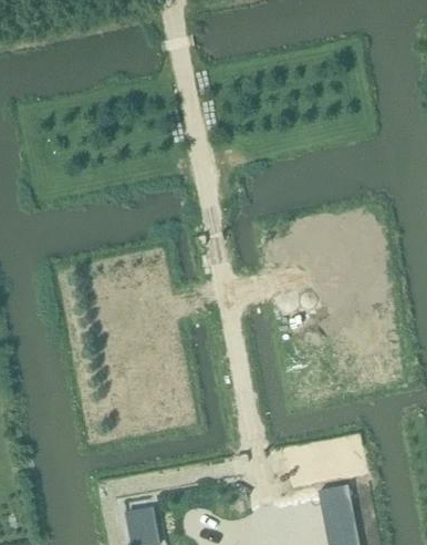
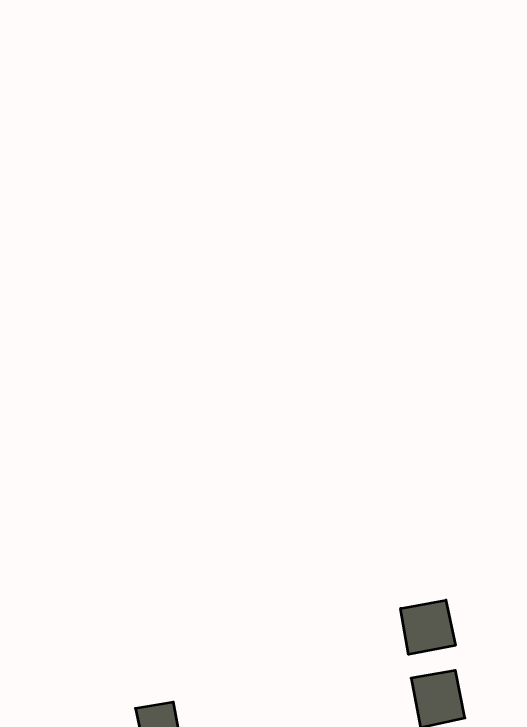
building: none -> [401,600,455,654]

